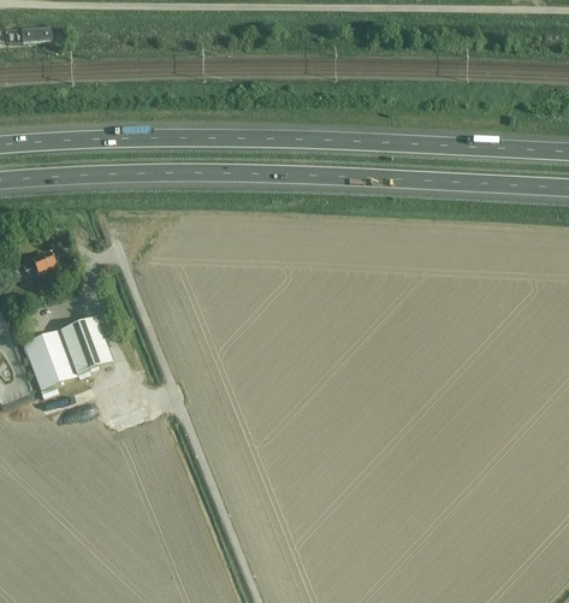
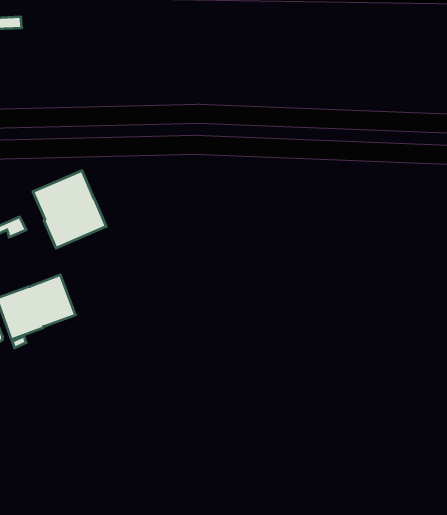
building: none -> [33,171,106,248]

